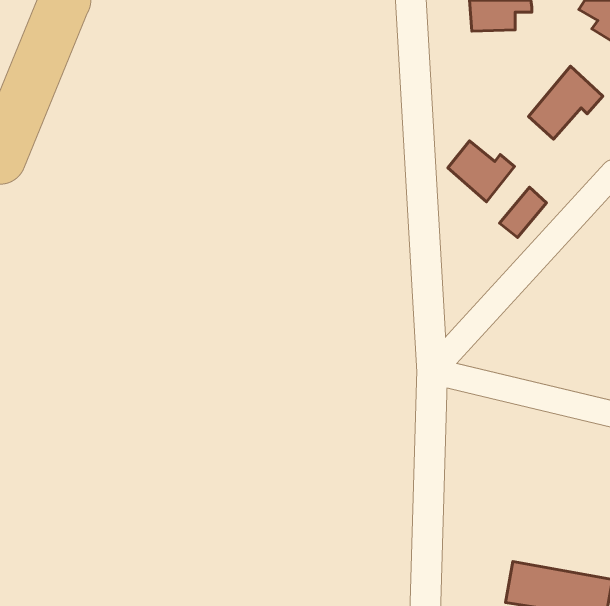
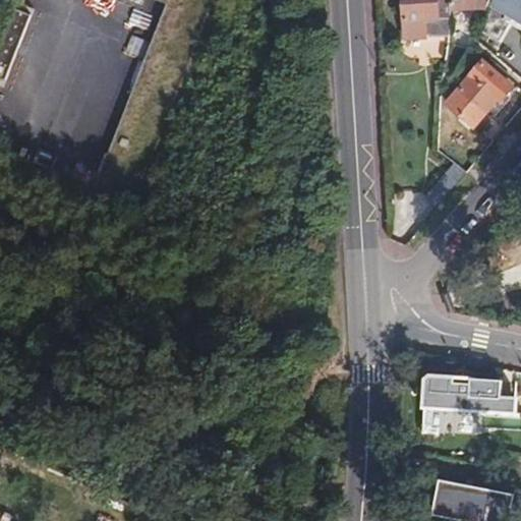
building: [448,141,514,202] -> none
building: none -> [419,370,505,421]

